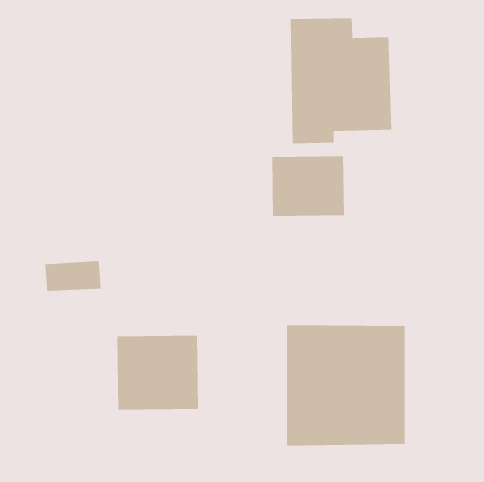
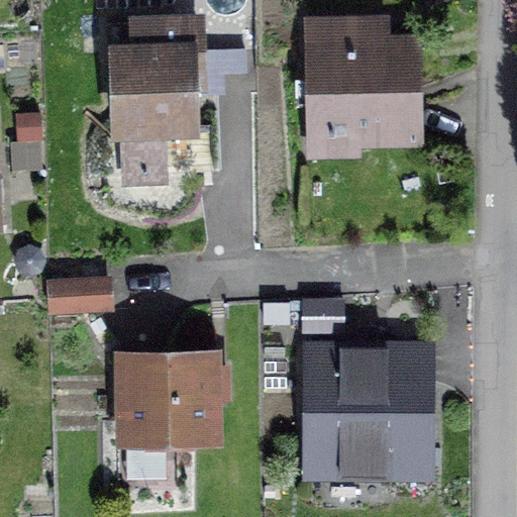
building: none -> [118,23,196,178]
building: [272,156,344,217] -> none

